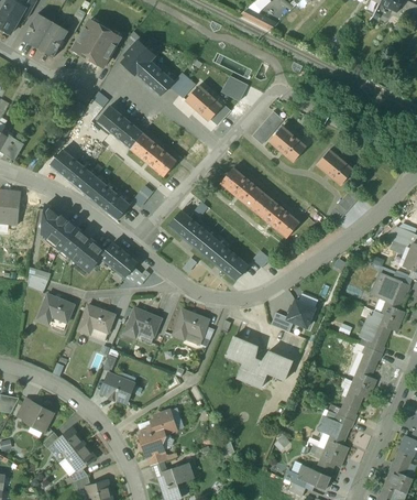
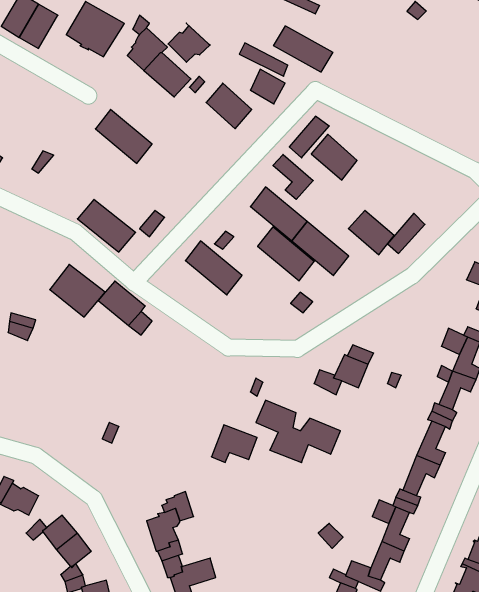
building: none -> [168,23,210,62]
building: none -> [274,26,333,72]
building: [131,133,177,176] -> none
building: none -> [273,154,313,199]
building: [51,150,97,193] -> none
building: [317,150,353,185] -> [348,210,394,255]
building: [42,205,77,249] -> none
building: [202,238,248,281] -> [258,227,314,281]
building: [37,294,74,324] -> none
building: [78,304,114,334] -> none
building: [124,307,161,337] -> none
building: [173,309,209,339] -> [211,425,257,462]
building: [101,373,134,402] -> none

